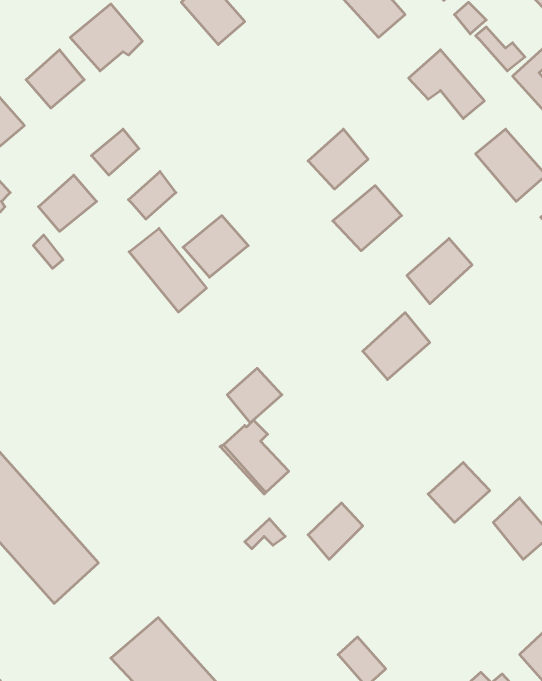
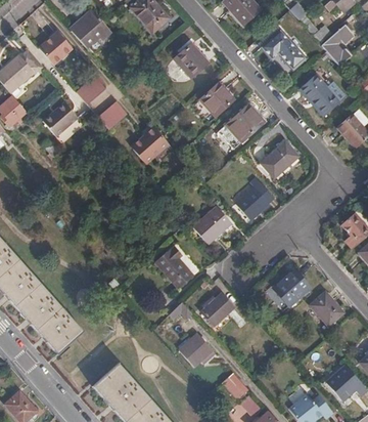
building: none -> [174,43,208,77]
building: [129,228,206,312] -> none
building: [227,368,282,423] -> [199,209,231,241]
building: none -> [178,335,211,368]

